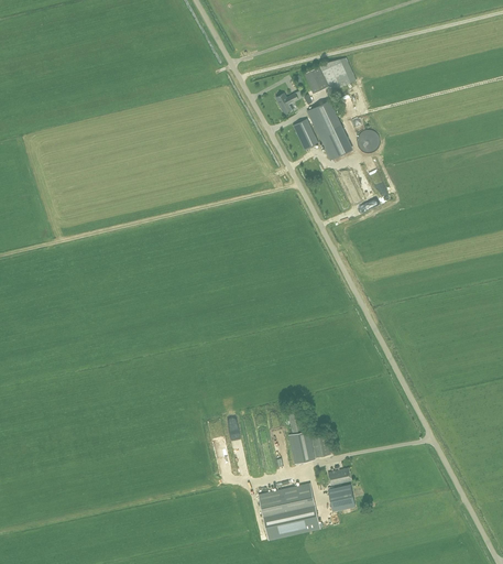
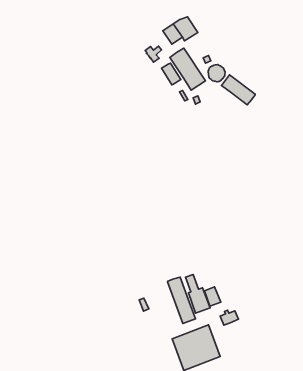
building: none -> [221,75,255,105]
building: none -> [168,277,195,324]
building: [328,484,356,511] -> none

